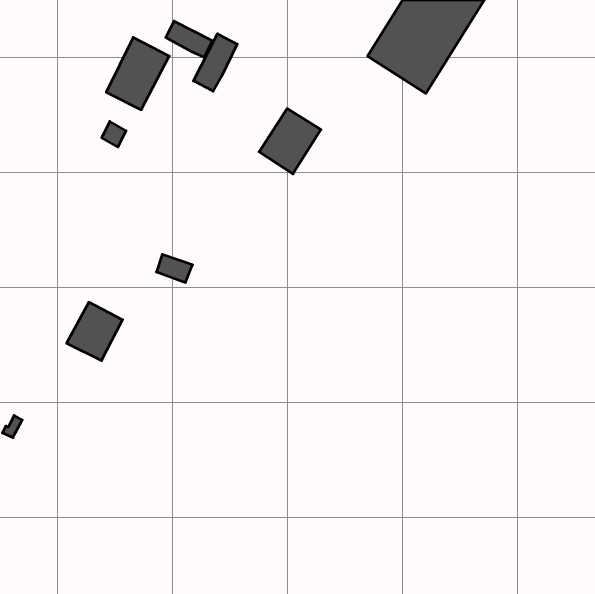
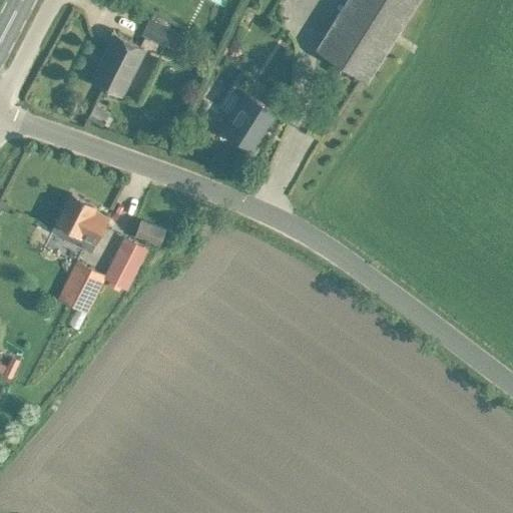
building: [193,34,237,91] -> none
building: none -> [51,194,107,252]
building: none -> [104,237,147,288]

